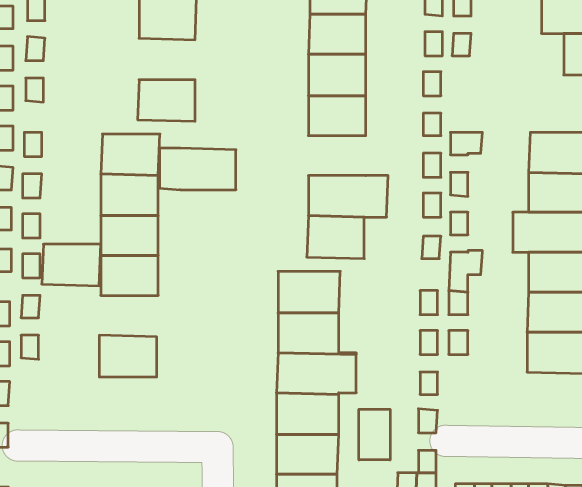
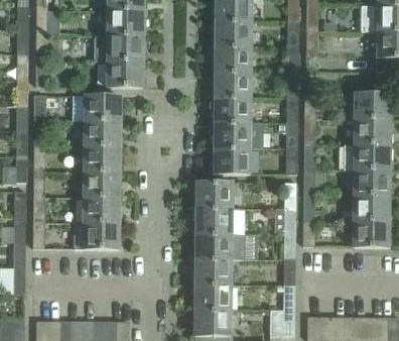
building: none -> [215,96,251,121]
building: [159,148,236,190] -> [95,34,143,61]
building: [42,244,101,286] -> [83,197,120,223]
building: [359,409,390,460] -> none

